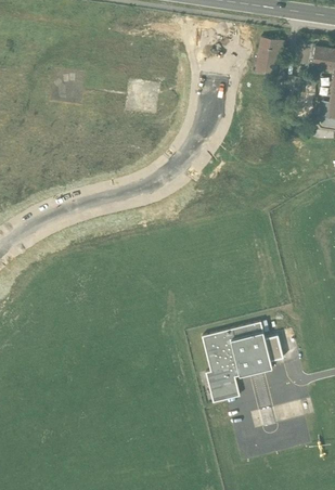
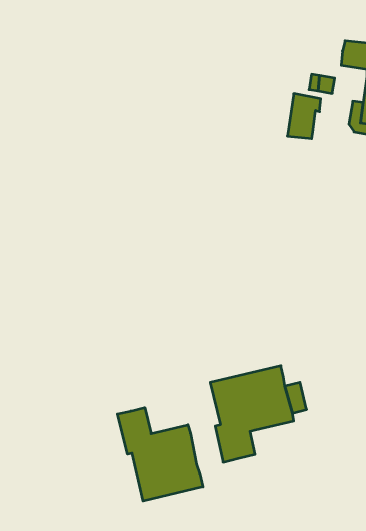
building: [256,36,284,74] -> [287,94,321,139]
building: none -> [117,408,203,501]

